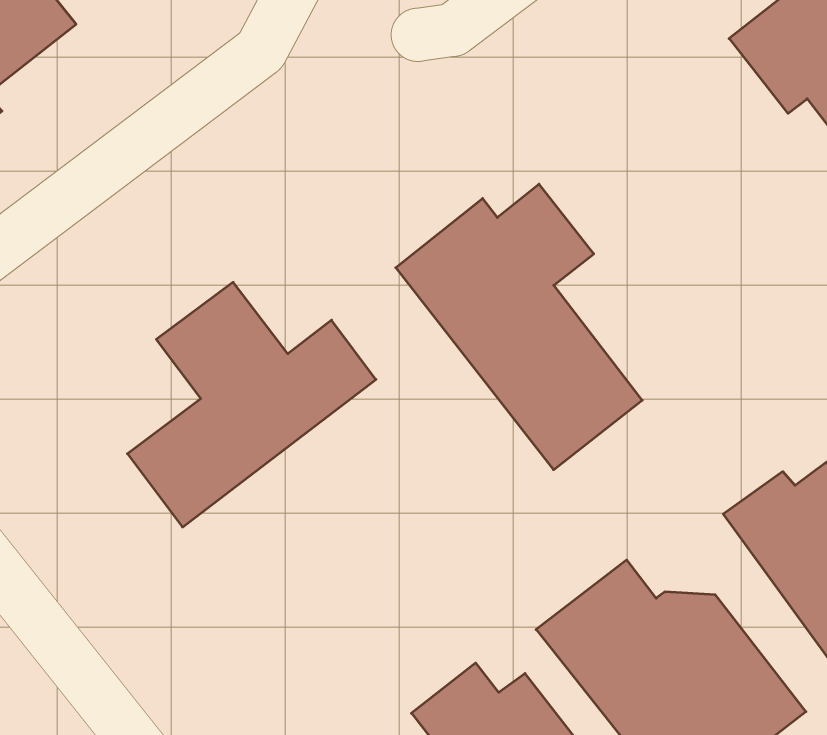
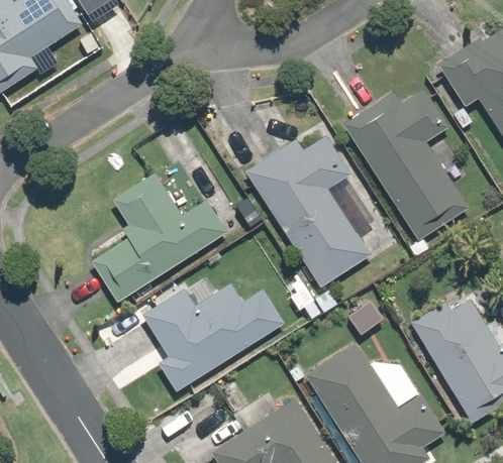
building: none -> [342,88,471,242]
building: none -> [141,282,285,392]

